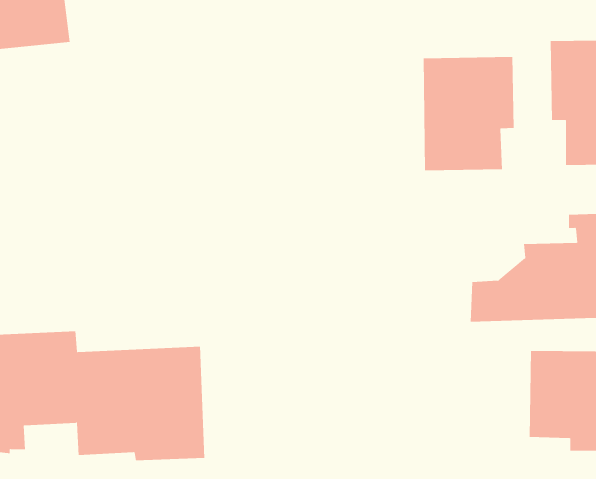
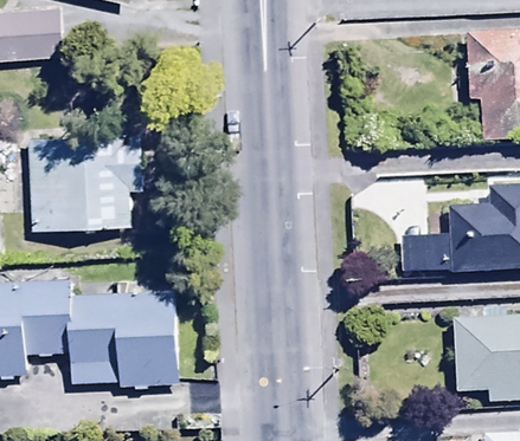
building: [423,56,514,171] -> none
building: none -> [25,112,126,215]

